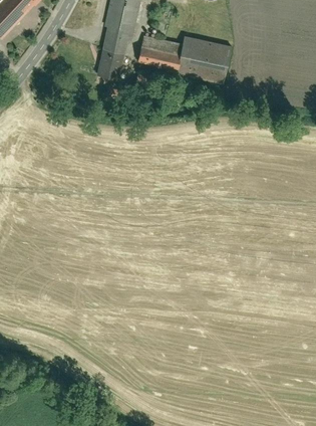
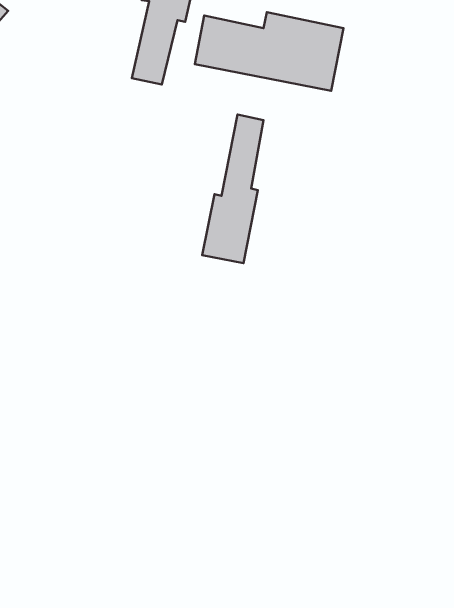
building: none -> [202,114,263,263]

